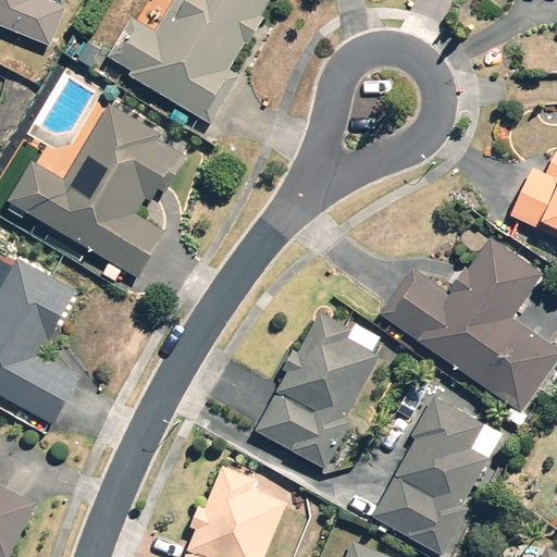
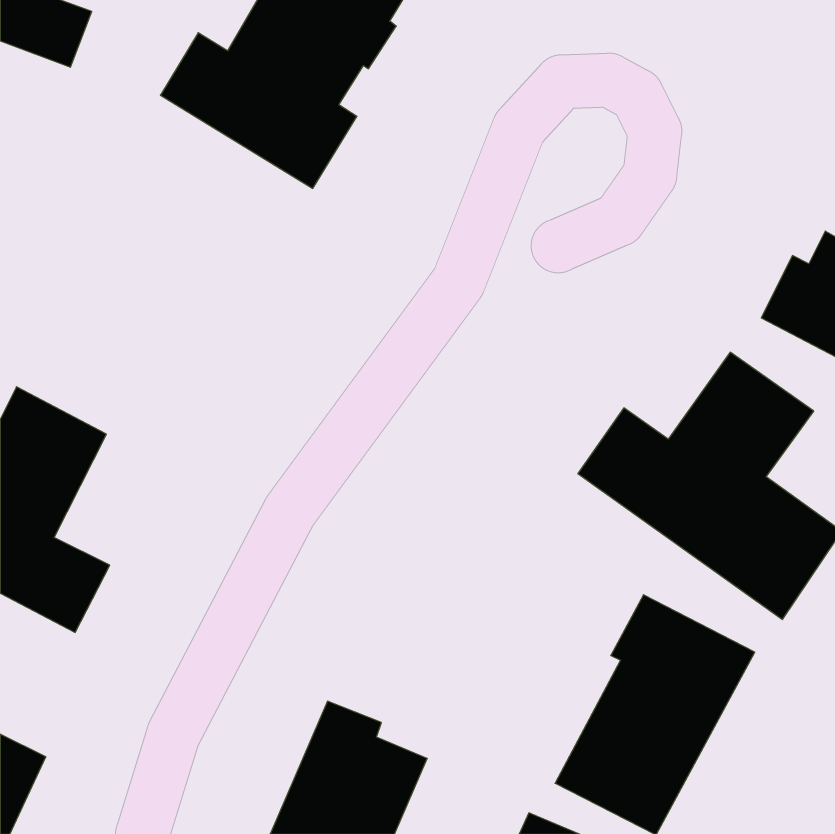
building: [7,99,186,278] -> none
building: [251,309,376,471] -> none

